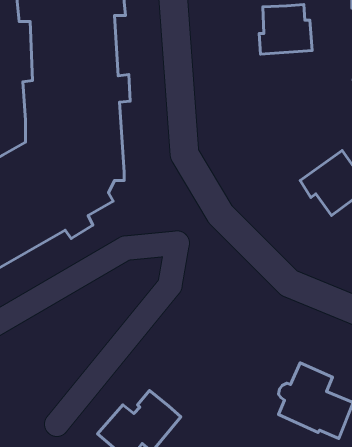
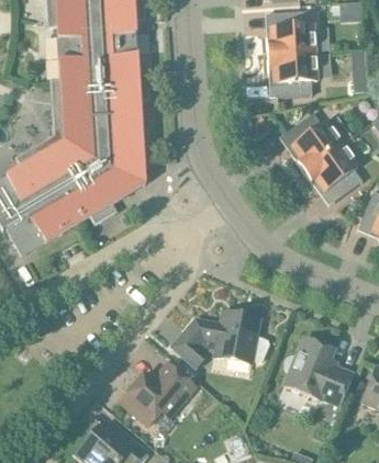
building: none -> [268,53,316,98]
building: none -> [283,113,343,171]
building: none -> [171,312,260,368]

